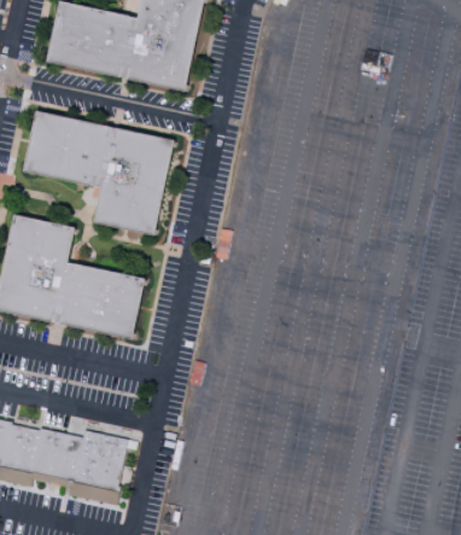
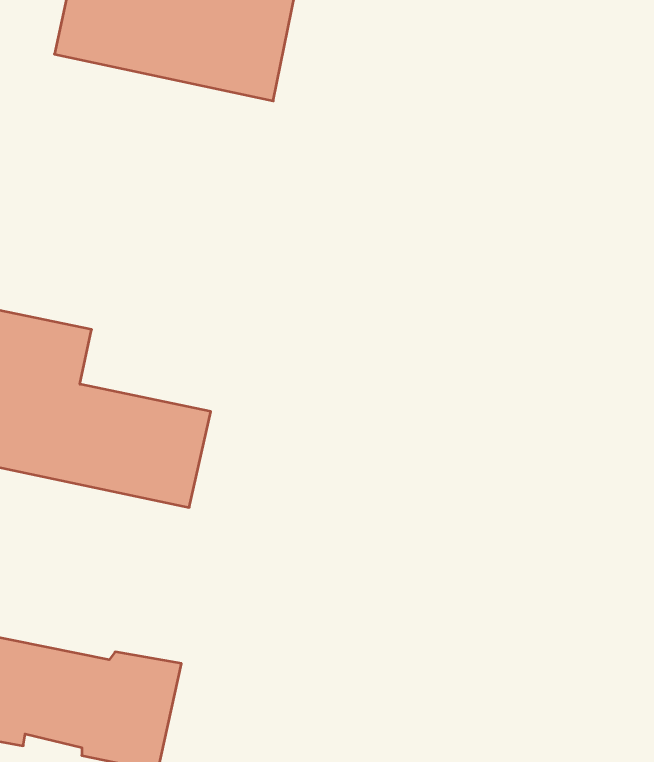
building: [25,112,173,232] -> none

